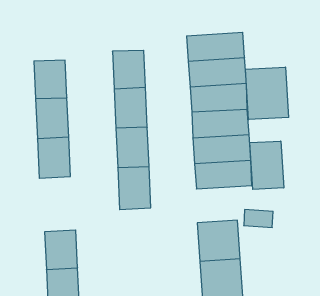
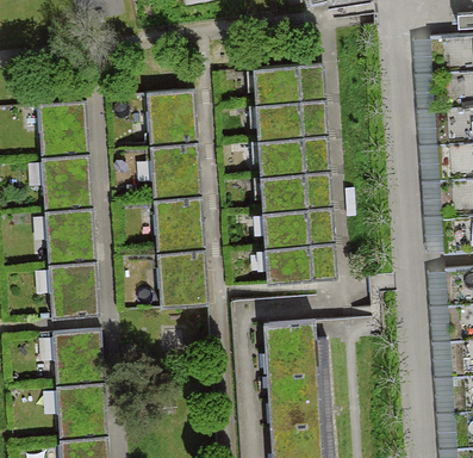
building: [245,67,289,120] -> none
building: [250,141,284,189] -> none
building: none -> [52,262,97,320]

